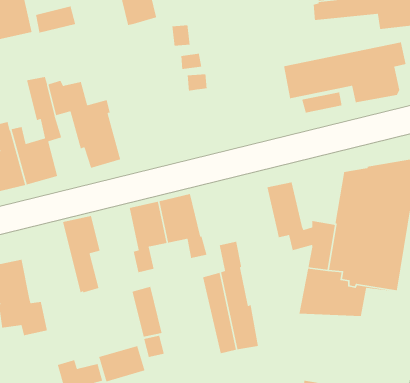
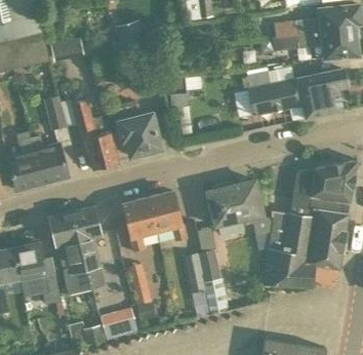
building: none -> [105,100,160,155]
building: none -> [205,184,242,226]
building: none -> [49,211,91,294]

